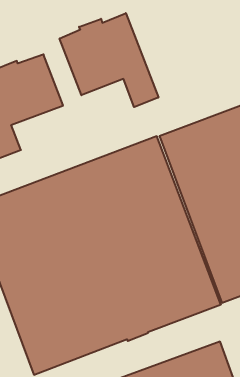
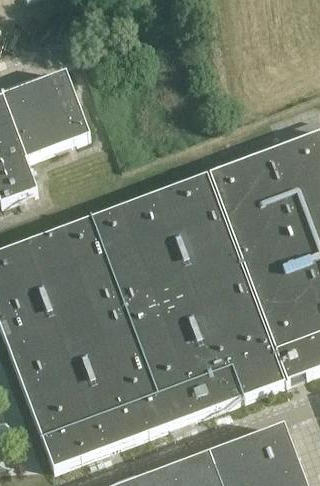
building: [60,13,158,107] -> none

